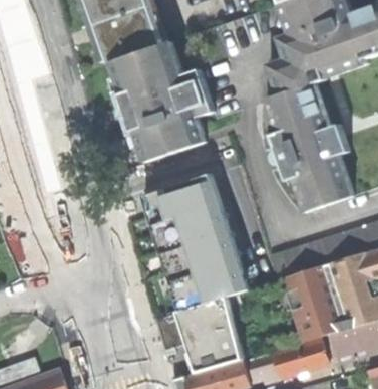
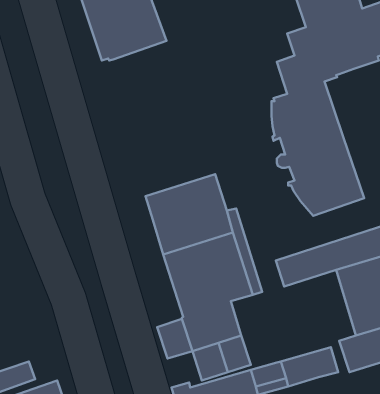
building: [111,41,214,163] -> none
building: [285,265,345,341] -> none

